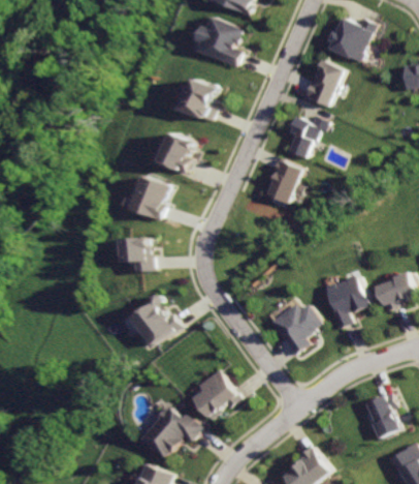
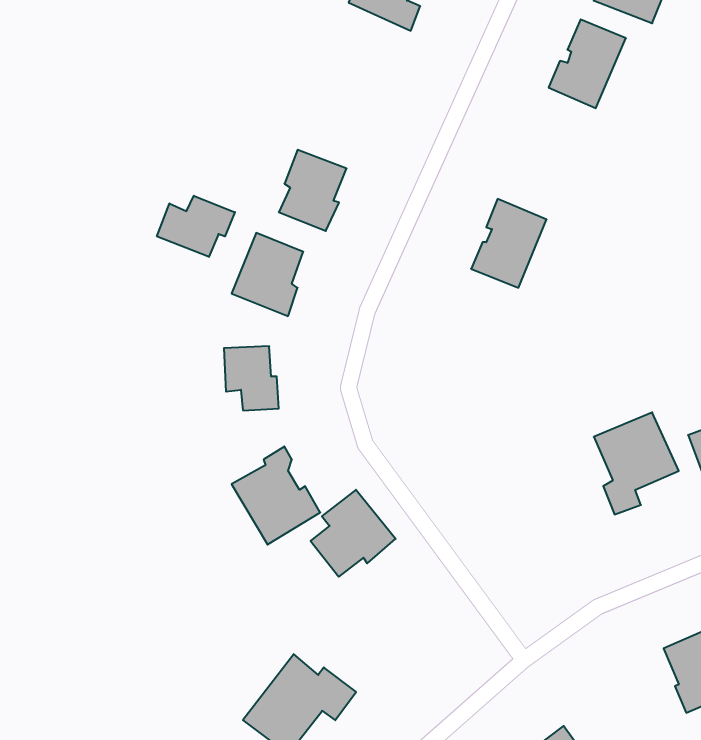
building: [174,79,211,122] -> none
building: [286,115,327,160] -> none
building: none -> [157,196,235,257]
building: [268,303,321,356] -> none
building: [191,370,237,418] -> [311,490,396,577]

